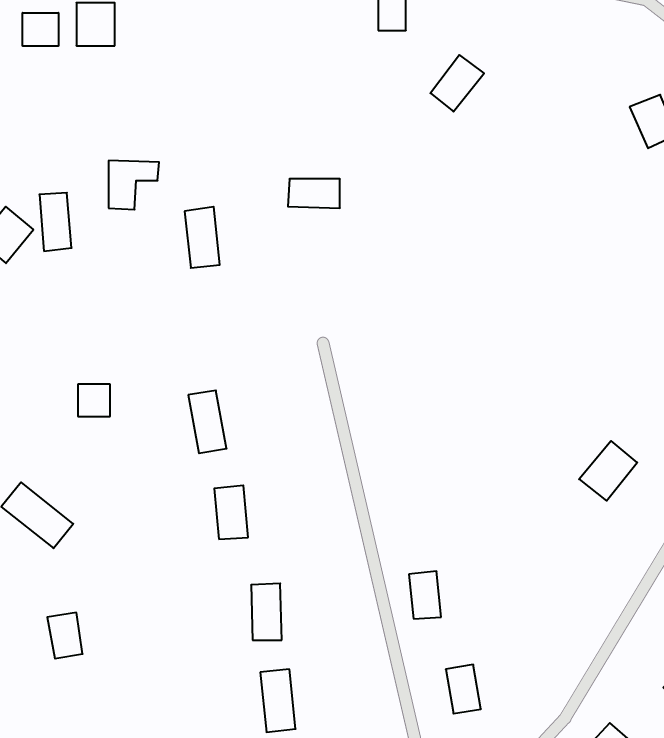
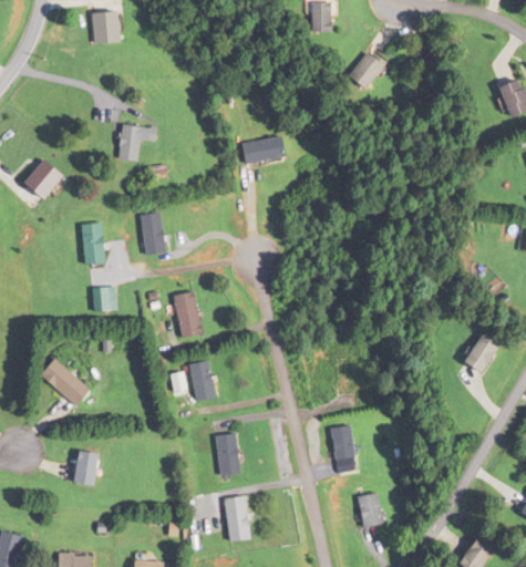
building: [23,13,58,46] -> none
building: [39,193,72,251] -> [80,224,103,266]
building: [185,207,220,268] -> [138,213,164,257]

